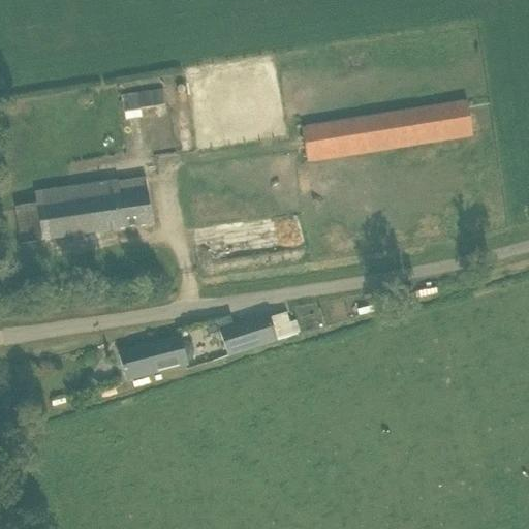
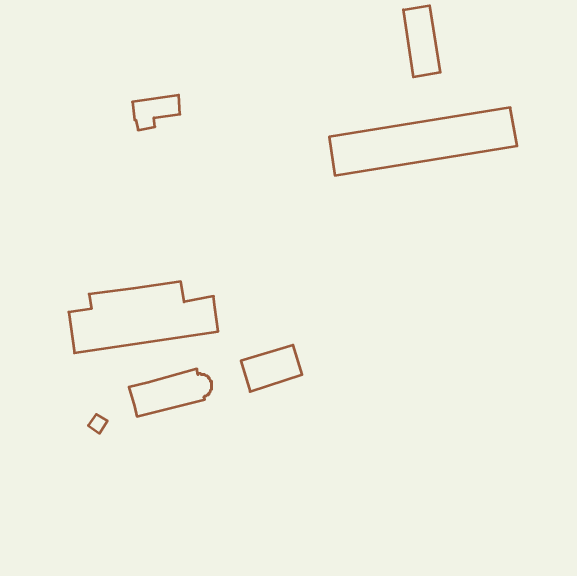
building: none -> [403,6,440,77]
building: [17,178,153,243] -> [69,282,218,353]

